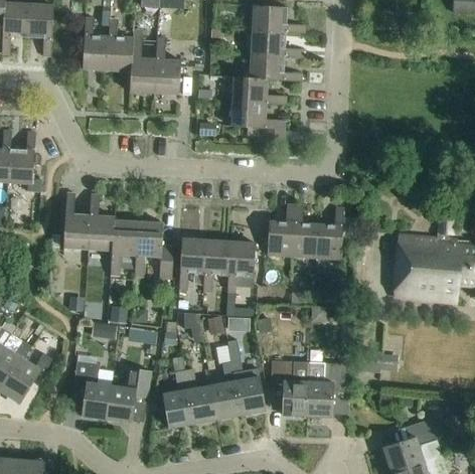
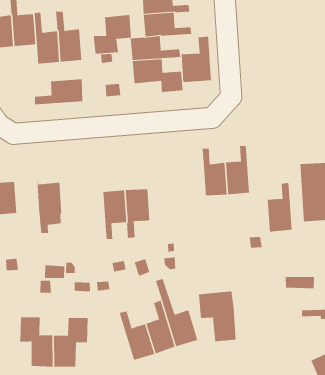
building: none -> [93,14,132,55]
building: none -> [181,36,212,83]
building: none -> [34,79,83,105]
building: [88,194,113,251] -> none
building: [267,204,295,256] -> [267,183,292,232]
building: [134,221,172,278] -> none
building: [226,241,256,292] -> none
building: [306,361,345,416] -> none
building: [162,369,192,427] -> none

